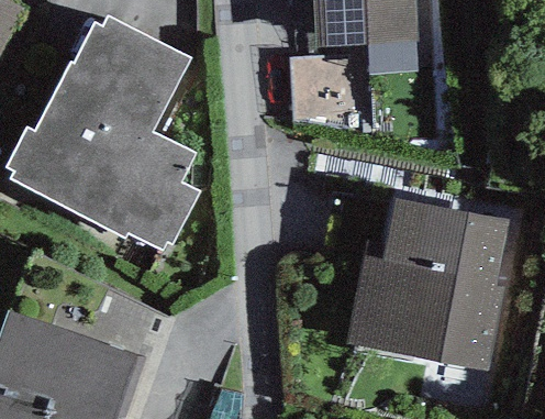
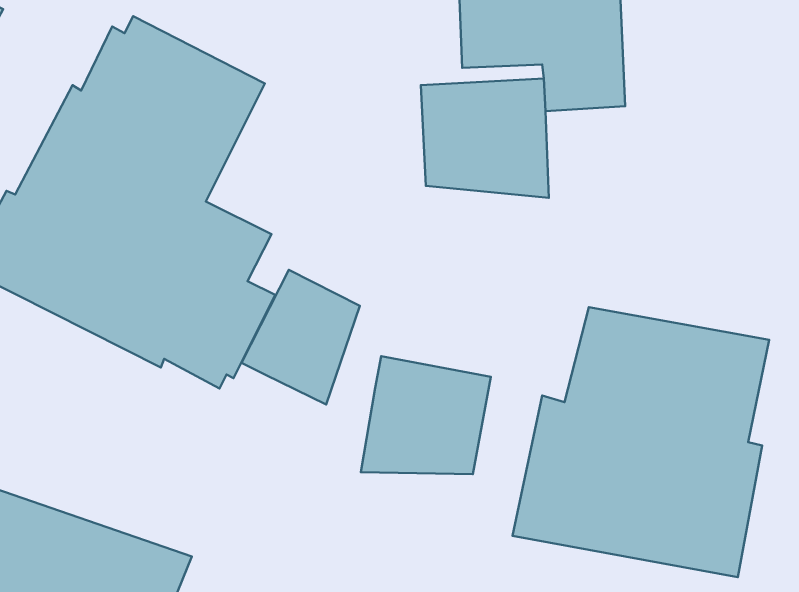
building: none -> [242,270,360,405]
building: none -> [361,356,491,474]

